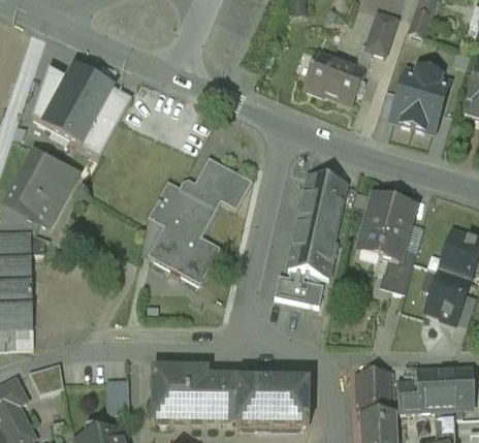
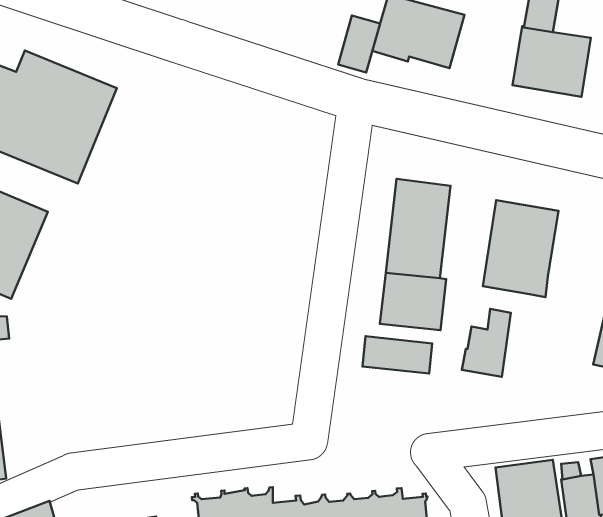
building: none -> [338,15,380,72]
building: [149,155,252,281] -> none
building: [380,247,416,292] -> [462,309,511,377]

